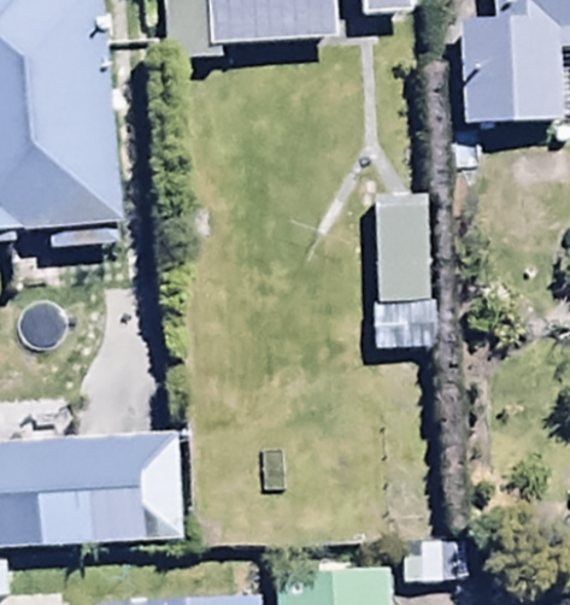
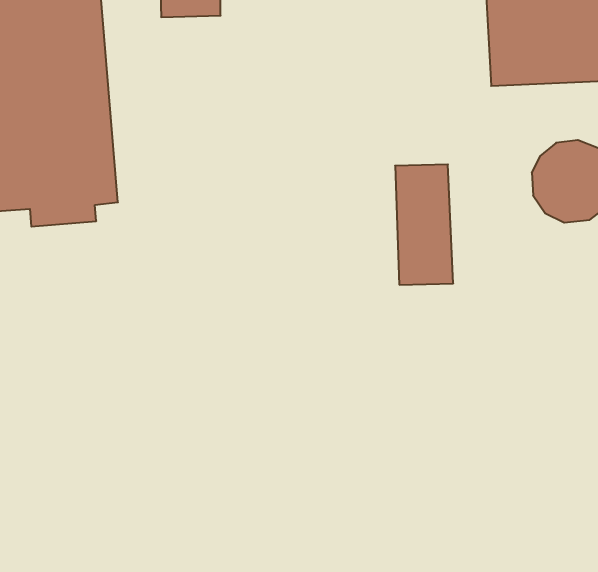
building: [43,429,187,546] -> none

